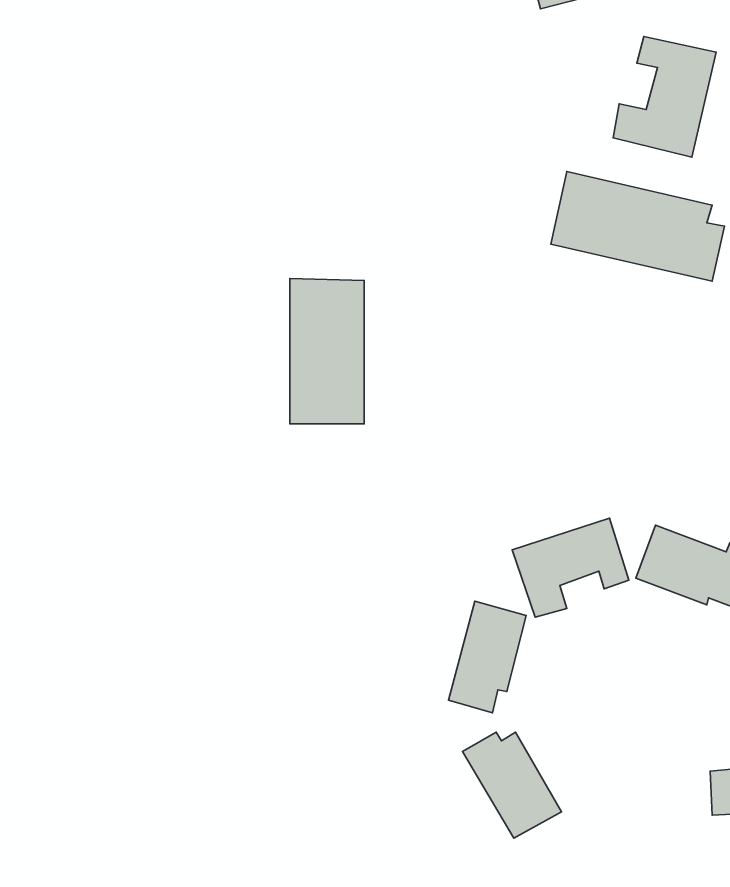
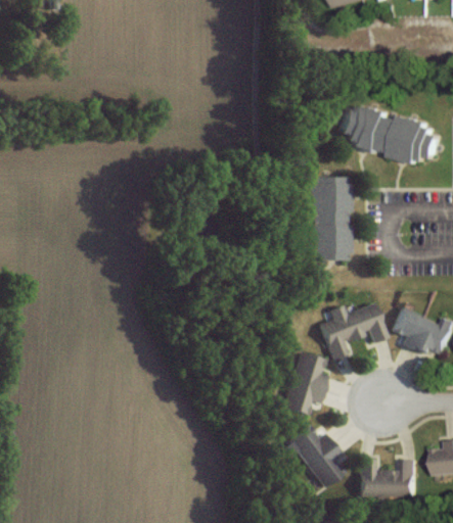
building: [613,36,716,157] -> none
building: [290,279,364,424] -> [306,177,349,260]
building: none -> [360,460,419,497]

